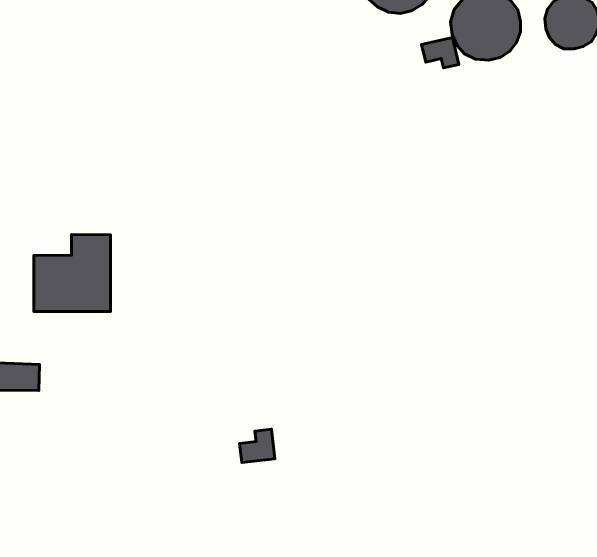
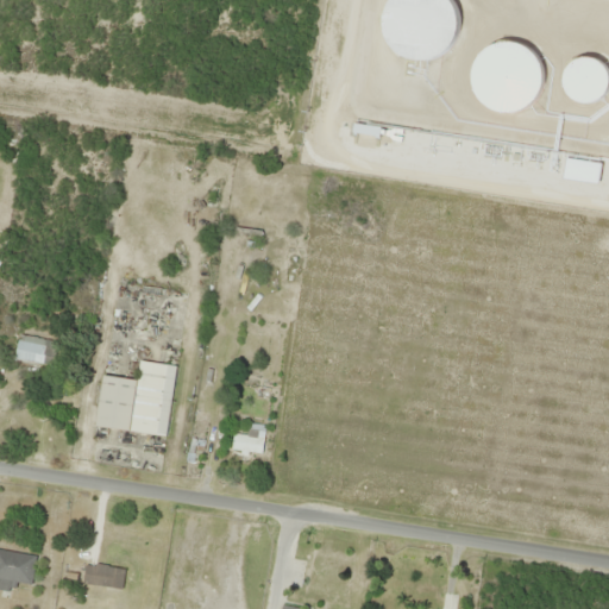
building: [422,37,459,68] -> none
building: [34,234,111,312] -> [96,360,175,435]

